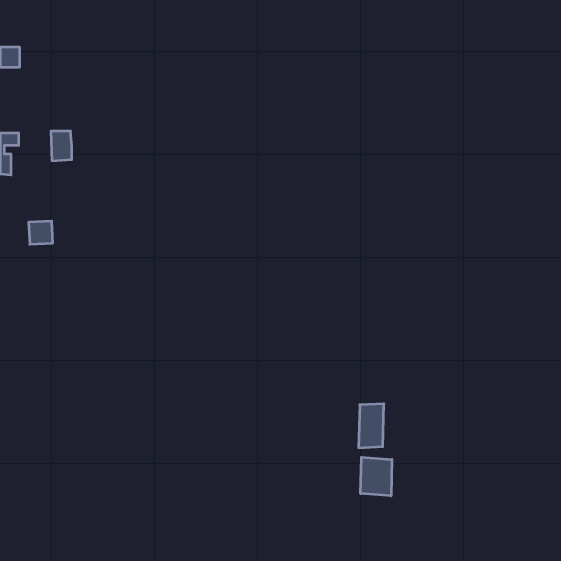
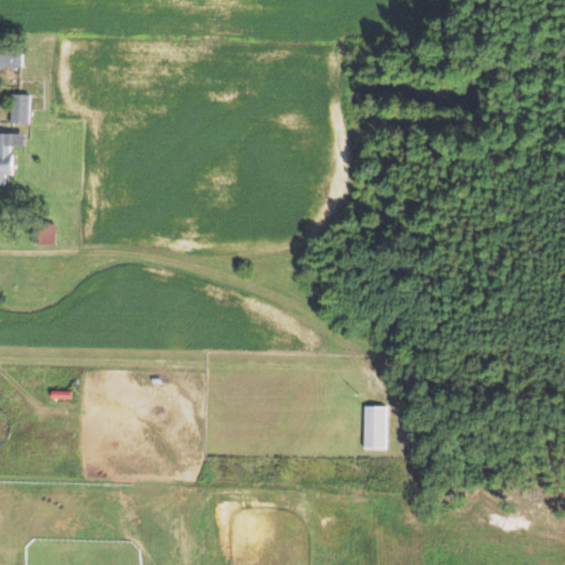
building: [51,131,72,161] -> [9,95,30,125]
building: [361,457,392,496] -> none

